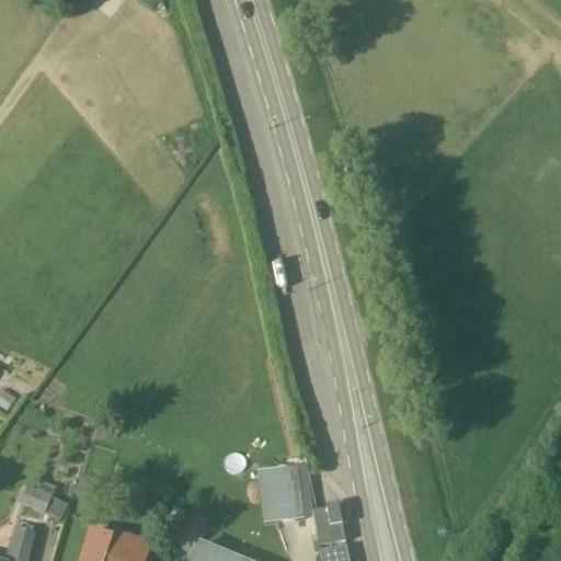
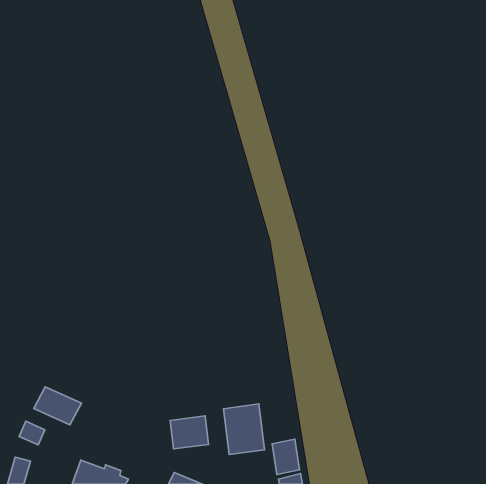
building: none -> [34,387,81,425]
building: none -> [170,416,208,449]

